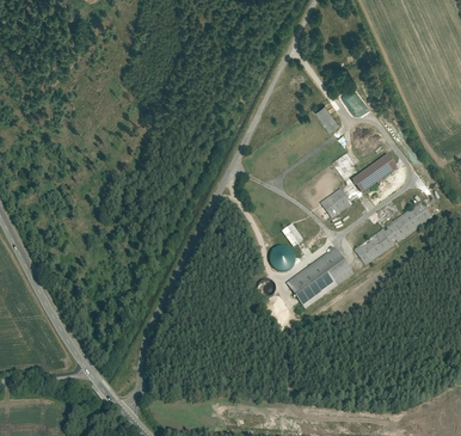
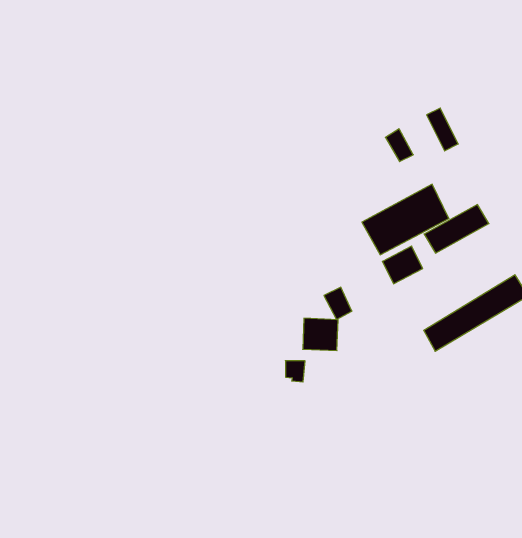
building: [287,250,350,305] -> [362,184,449,255]

